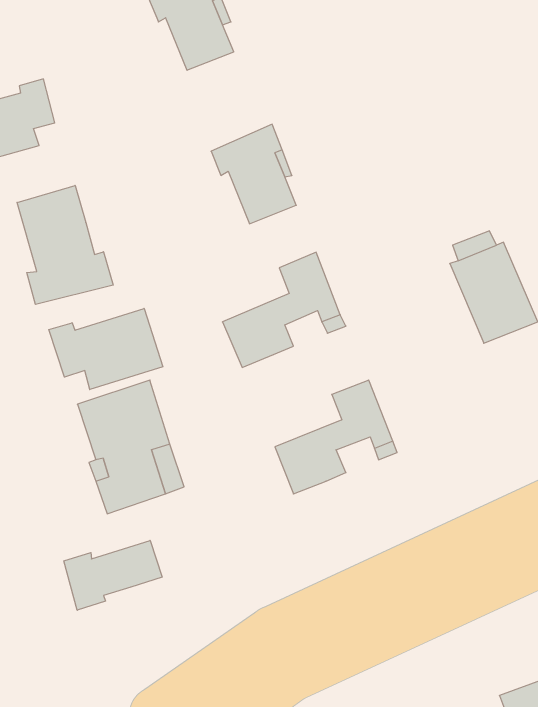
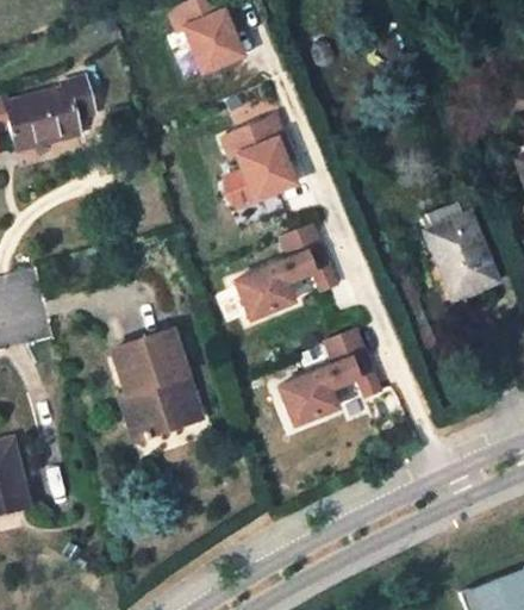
building: [17,185,113,304] -> none
building: [49,308,163,390] -> none
building: [64,540,162,610] -> none

